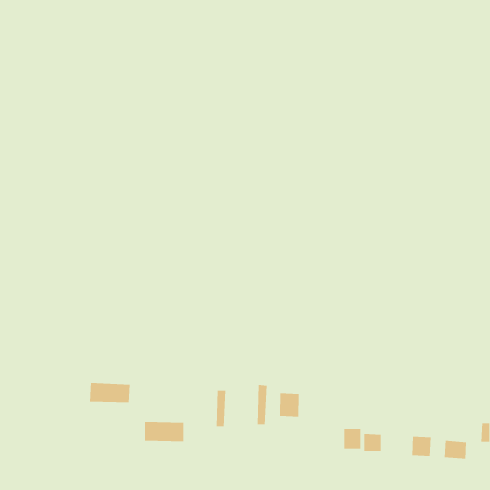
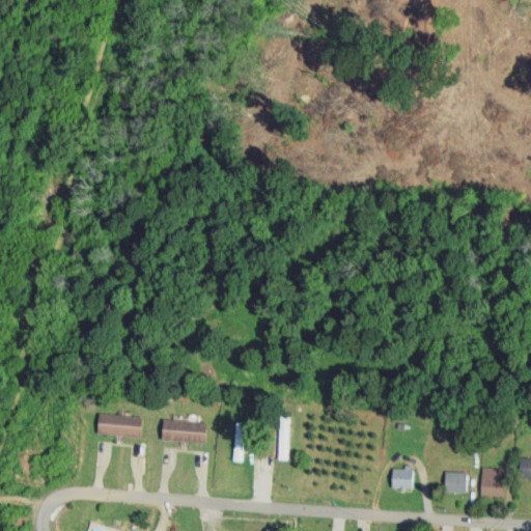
building: [279,392,299,417] -> none
building: [144,422,184,442] -> [162,420,205,442]
building: [344,428,361,450] -> none

